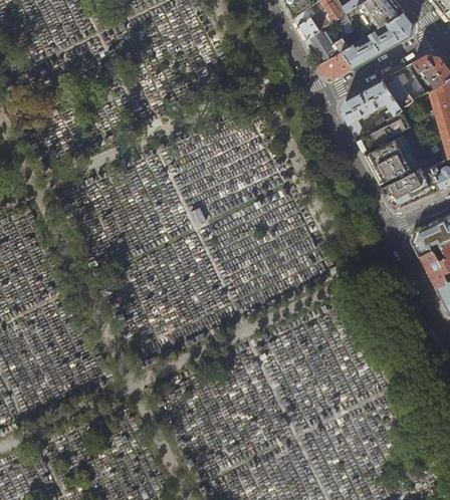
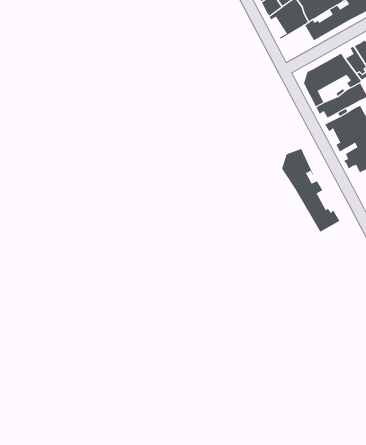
building: [317,48,353,75] -> none
building: none -> [282,148,340,233]

